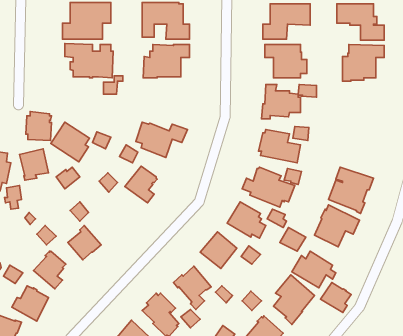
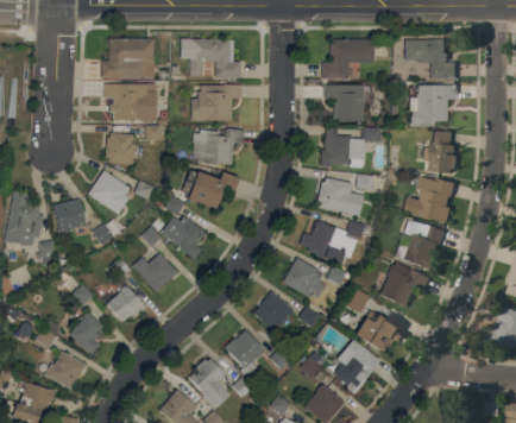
building: none -> [193,128,245,165]
building: none -> [416,131,458,173]
building: [26,112,52,141] -> [106,132,134,164]
building: none -> [402,177,455,223]
building: none -> [133,253,177,291]
building: [321,283,351,313] -> none

